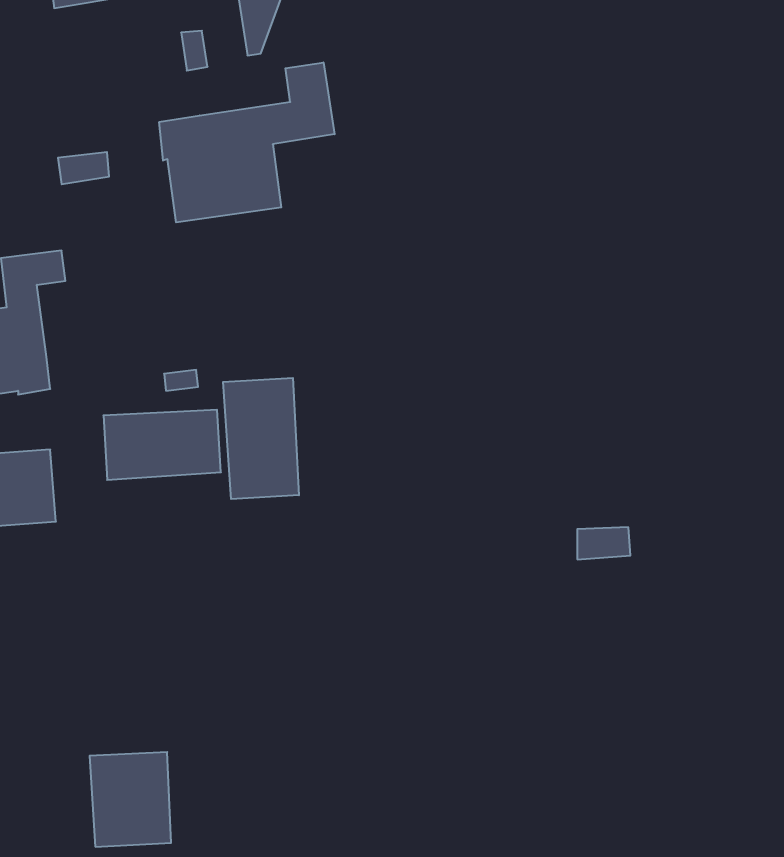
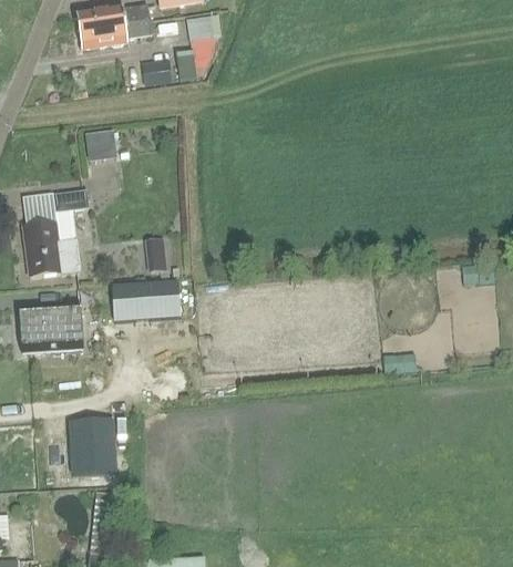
building: [159,62,335,222] -> none
building: [223,378,299,499] -> none
building: [90,752,171,847] -> [69,417,116,473]

